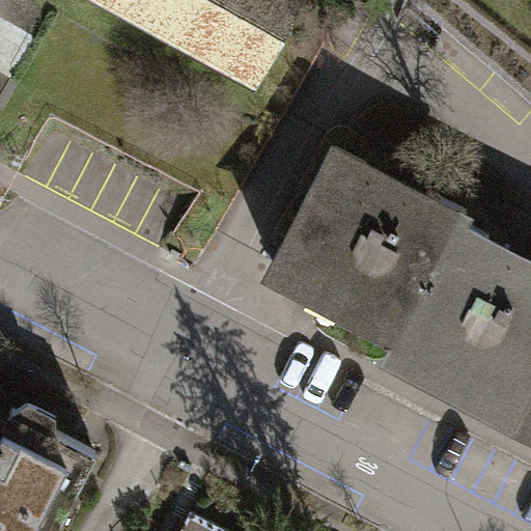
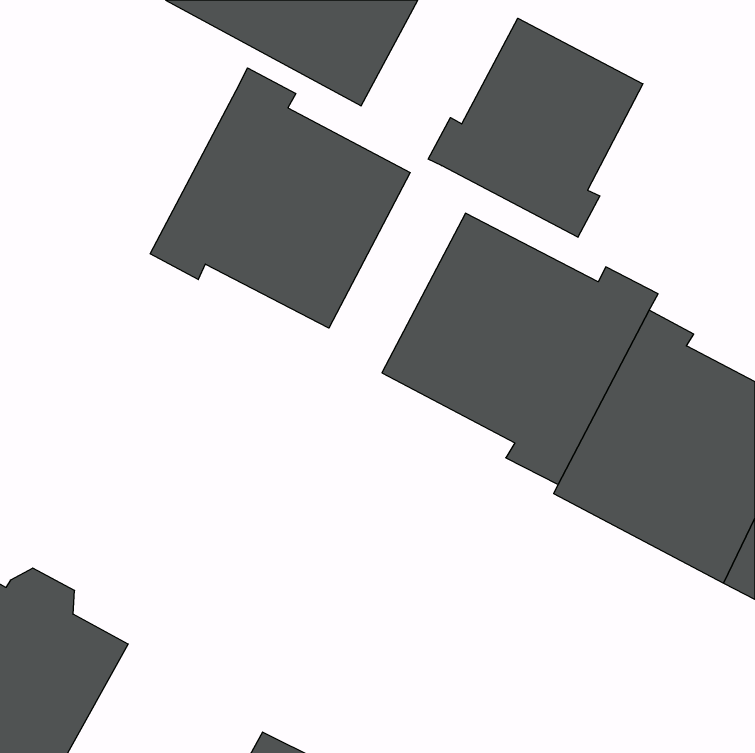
building: none -> [428,18,643,237]
building: none -> [150,68,410,328]

